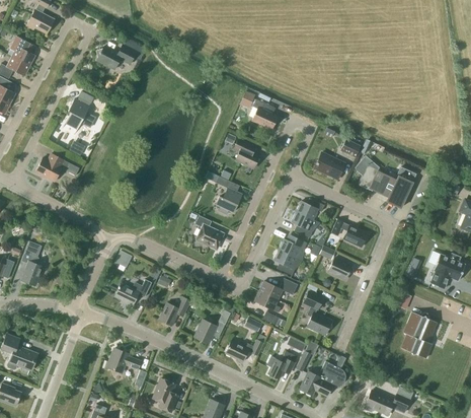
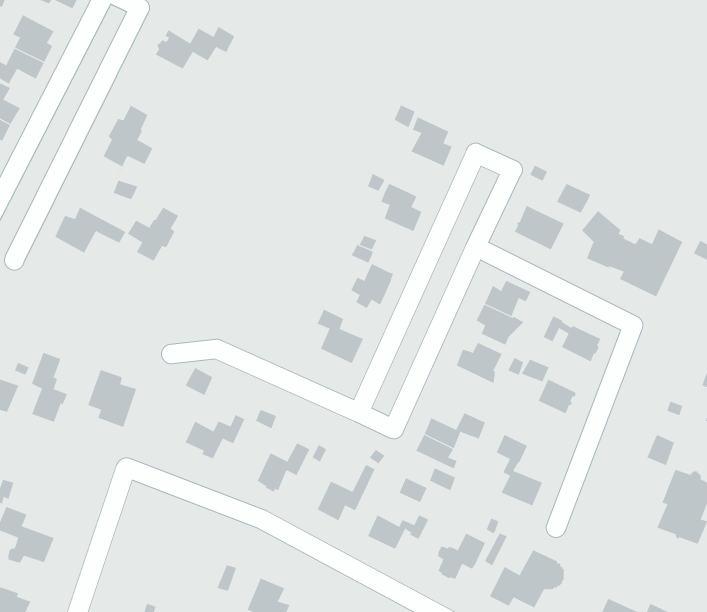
building: none -> [127,207,180,261]
building: [273,250,302,276] -> none
building: none -> [87,369,137,428]
building: [106,348,141,372] -> none

